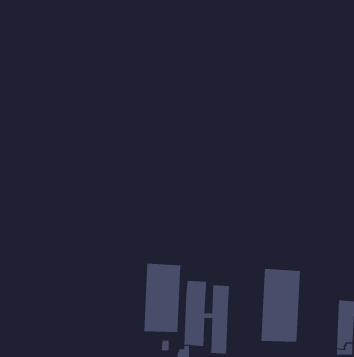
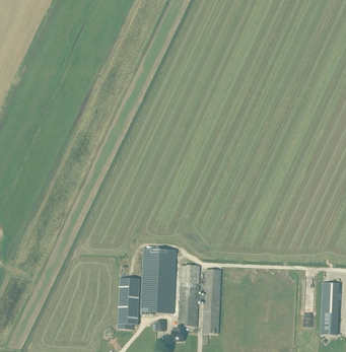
building: [261,268,300,343] -> none
building: none -> [117,277,139,329]

